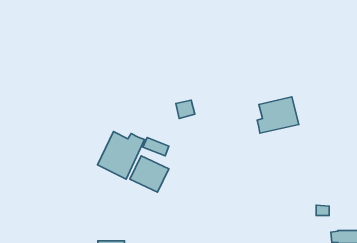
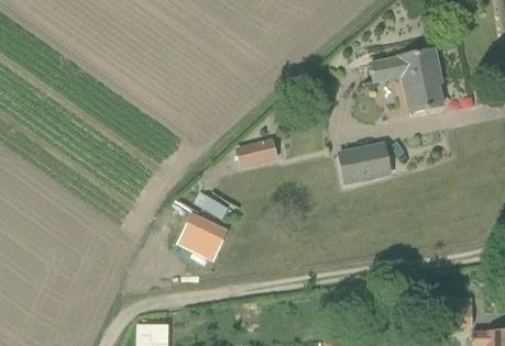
building: none -> [370,48,441,112]
building: [98,132,145,179] -> none

